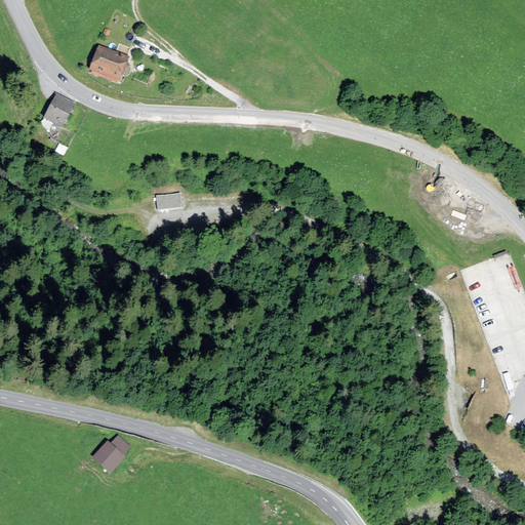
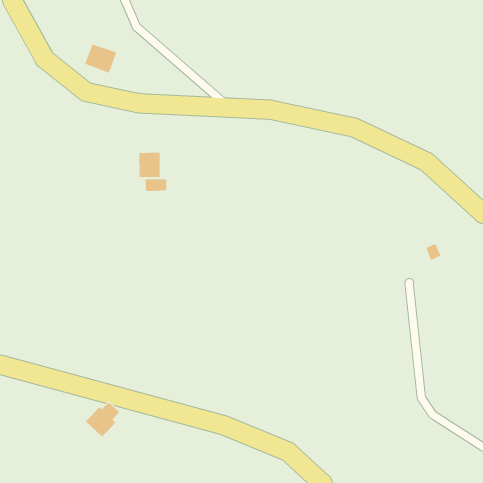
building: [44,94,73,125] -> none
building: none -> [138,152,161,178]

